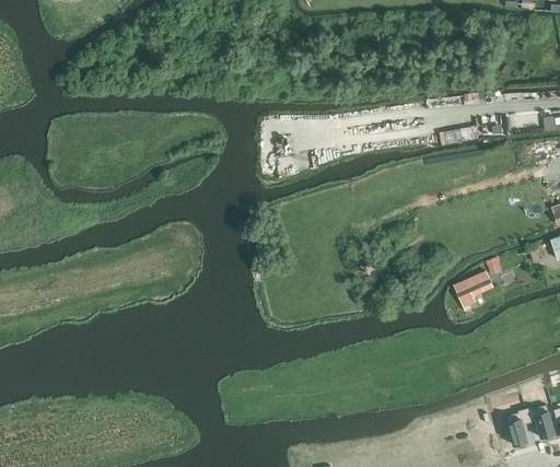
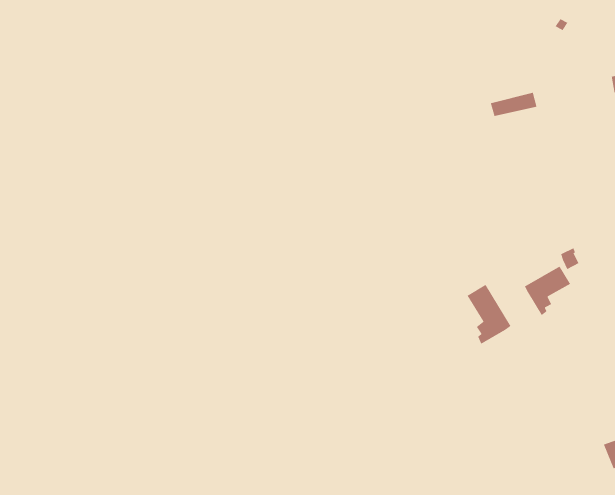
building: none -> [466,284,512,345]

